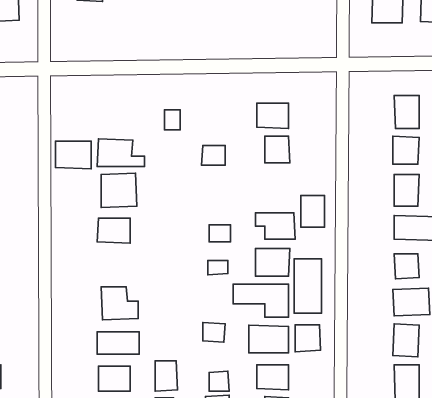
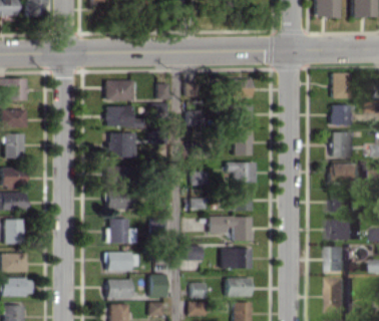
building: [55,141,91,169] -> [106,80,133,101]
building: [301,195,325,227] -> [234,131,252,155]
building: none -> [107,191,133,210]
building: [294,259,321,313] -> none
building: [295,325,320,352] -> none

